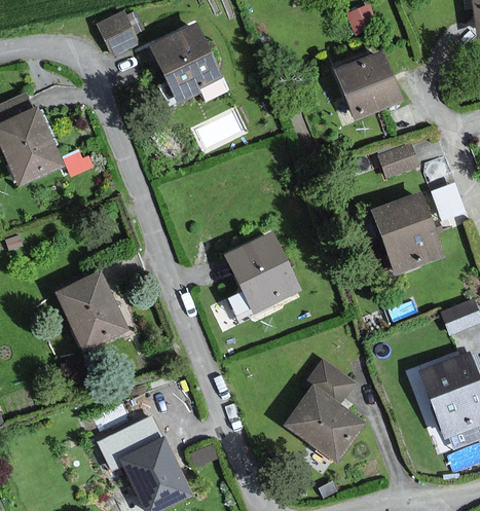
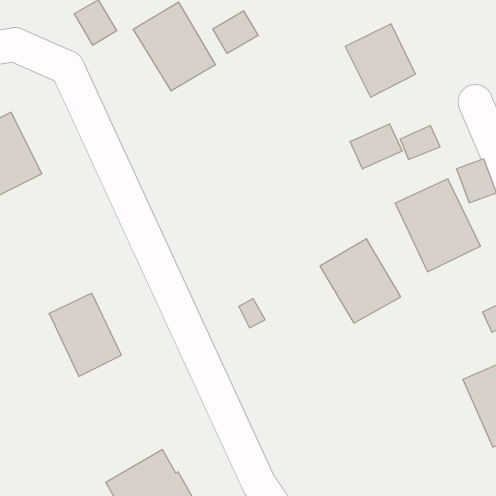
building: none -> [213,11,258,54]
building: none -> [350,124,402,169]
building: [227,234,297,308] -> [320,239,401,323]
building: [286,359,361,461] -> none

